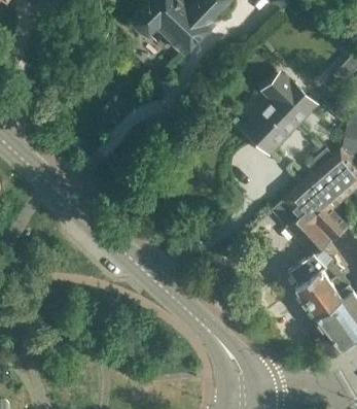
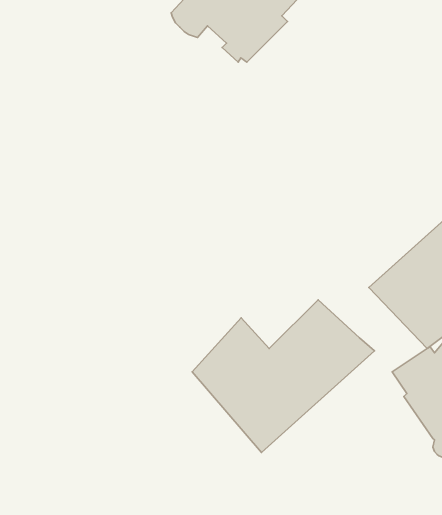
building: [246,76,315,154] -> none
building: none -> [192,300,375,453]

